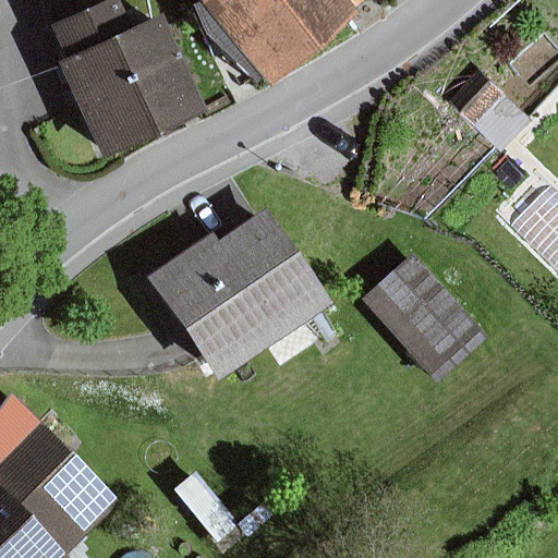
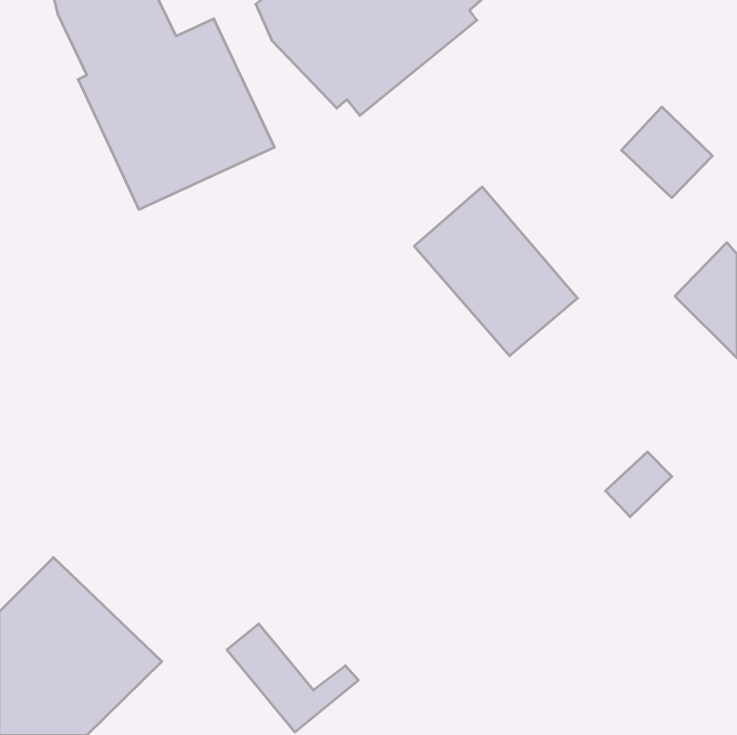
building: [145,209,330,379] -> none
building: [362,253,485,380] -> [414,187,578,356]

